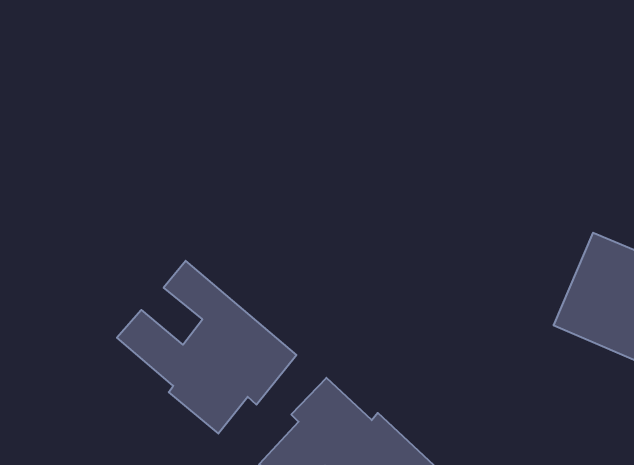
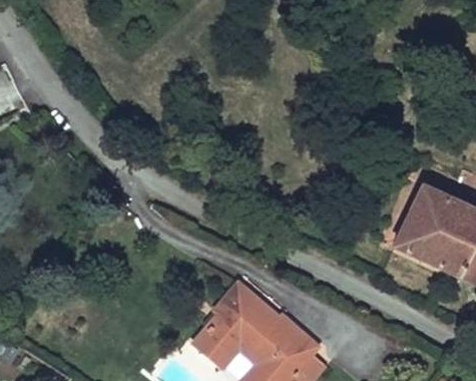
building: [117,261,296,434] -> none

